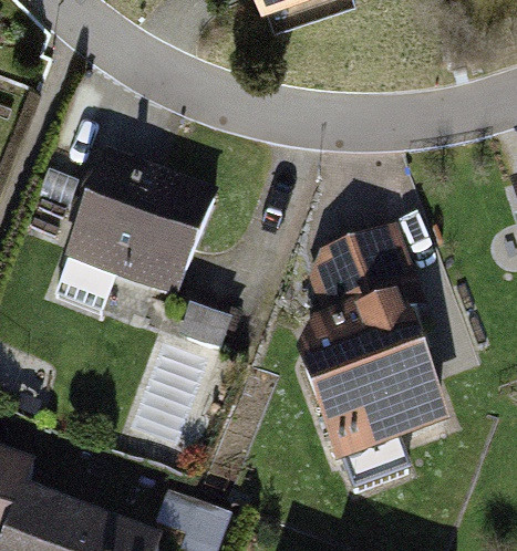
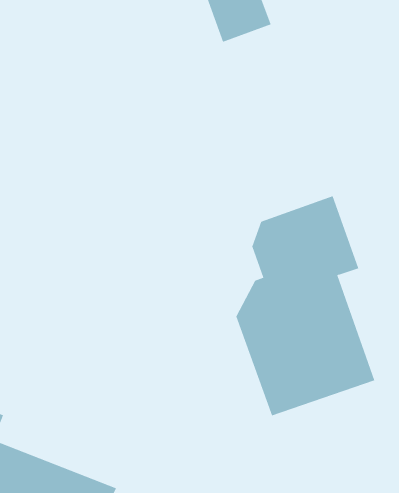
building: [50,150,217,309] -> none

